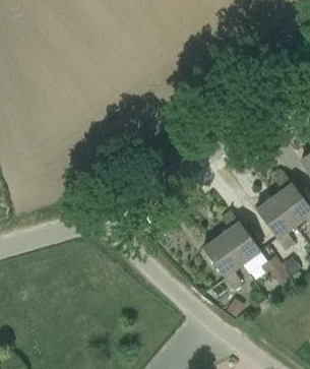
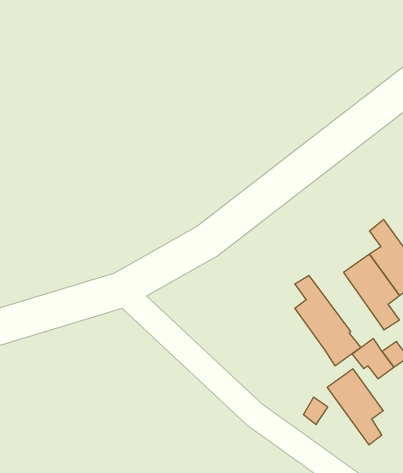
building: [203,235,243,289] -> [327,369,383,445]

